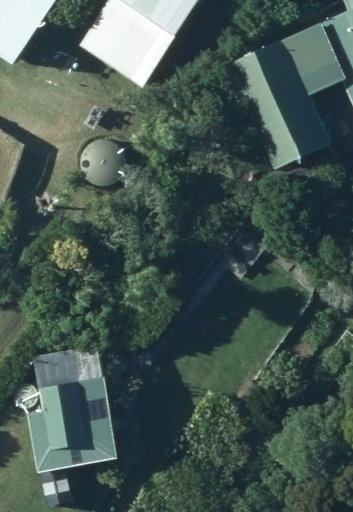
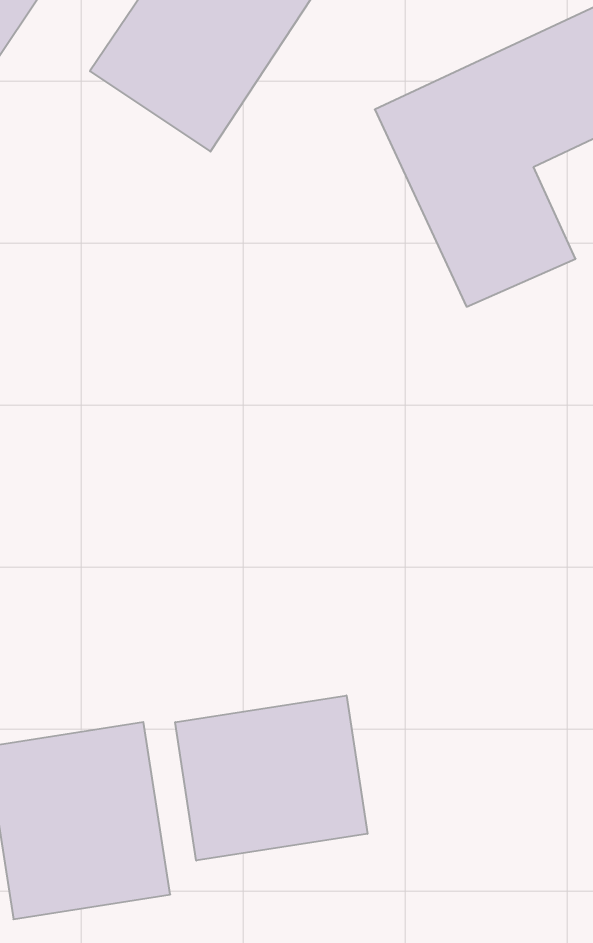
building: none -> [175,695,367,861]

